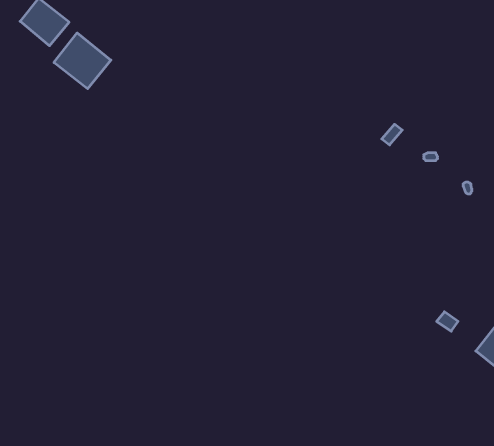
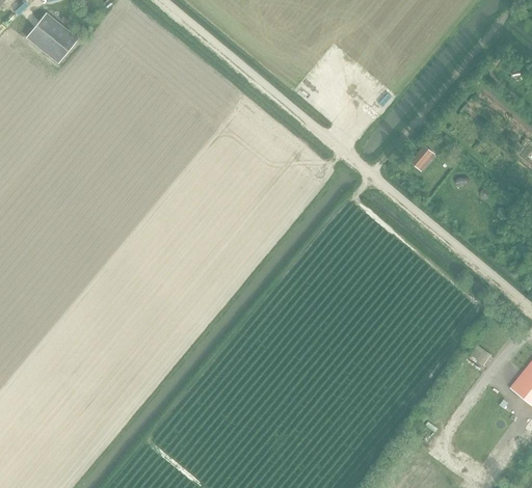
building: [54,33,111,89] -> none

